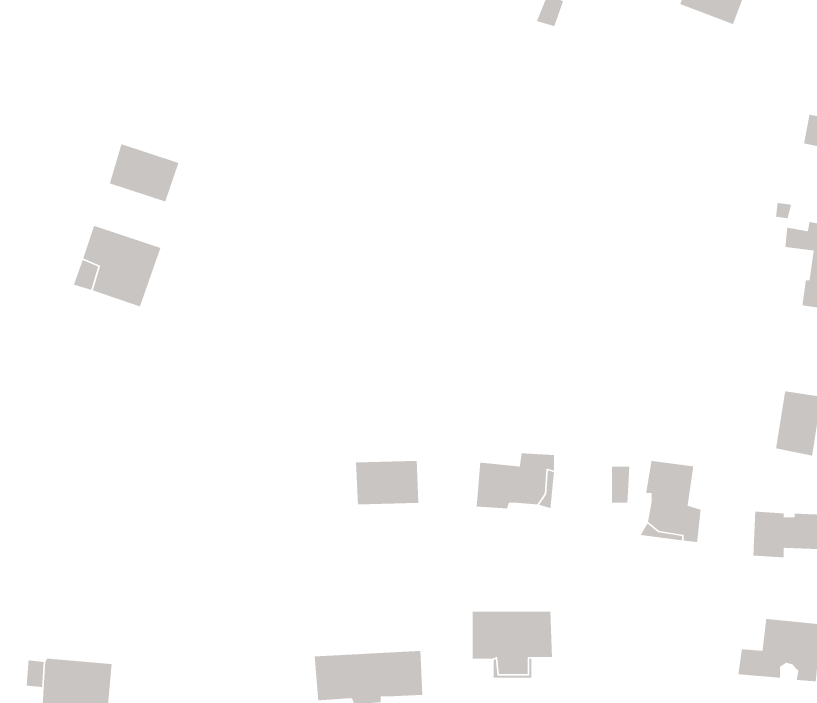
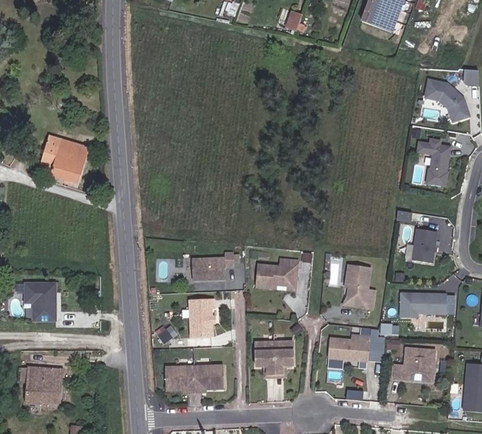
building: [109,143,179,203] -> none
building: none -> [24,285,55,324]
building: none -> [186,306,212,344]
building: none -> [326,336,368,361]

